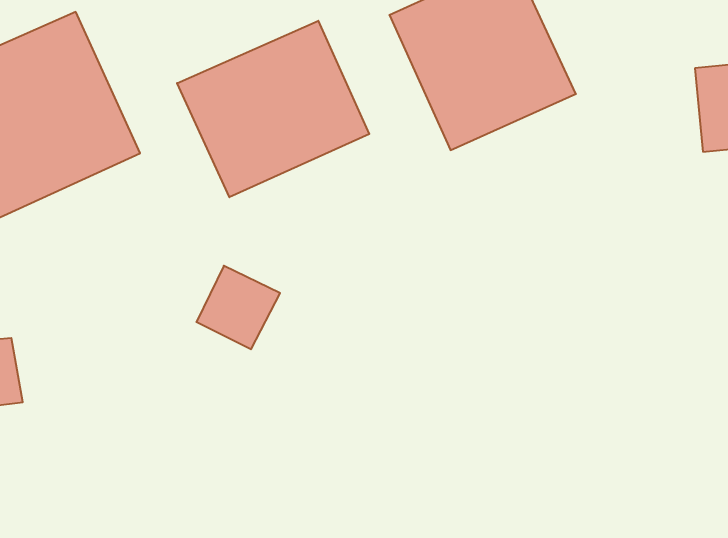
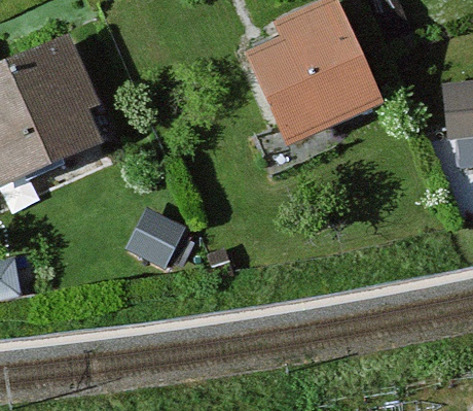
building: [177,21,369,197] -> none

